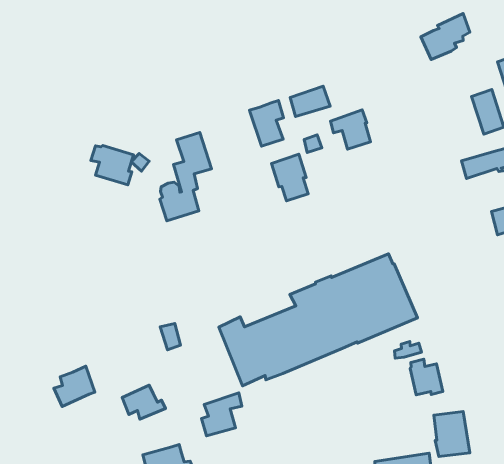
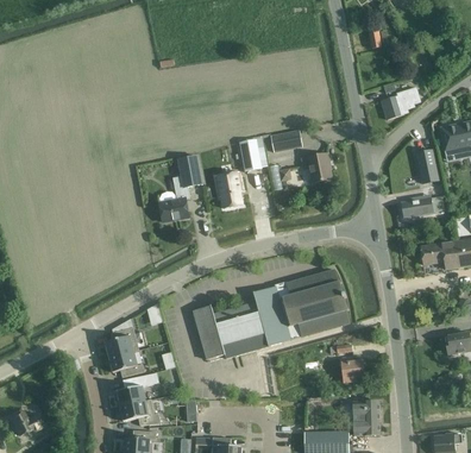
building: [91,145,133,185] -> none
building: [272,154,308,201] -> [215,171,241,207]
building: [54,366,95,407] -> [105,327,137,357]
building: [201,393,242,436] -> [118,373,151,404]

